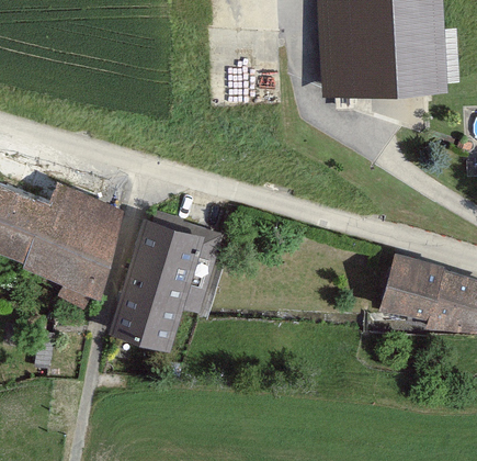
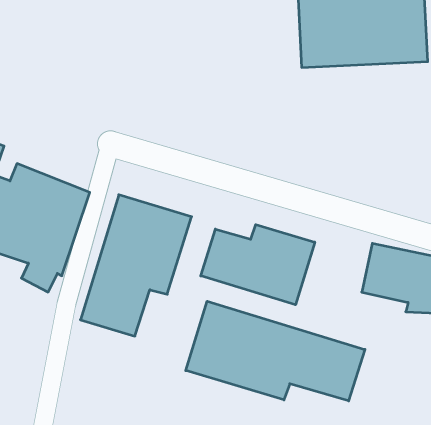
building: none -> [201,225,315,305]
building: none -> [186,301,365,401]

